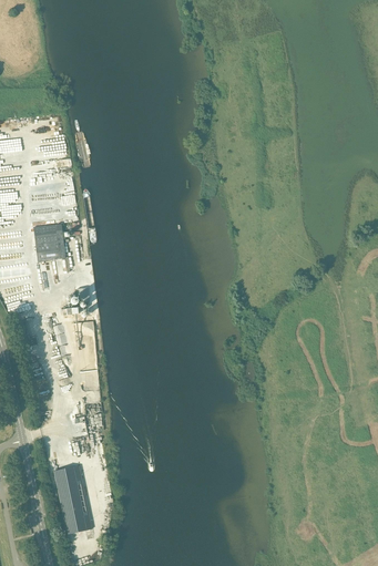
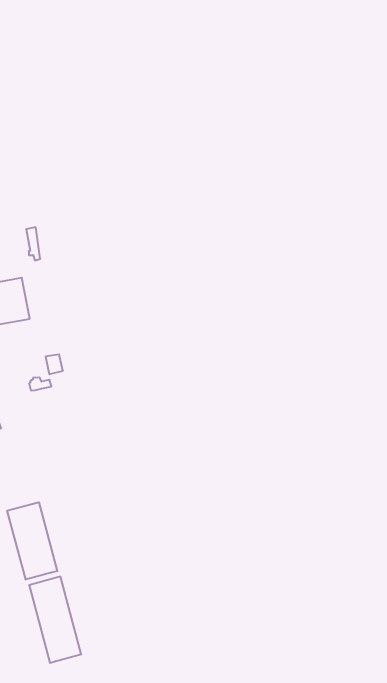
building: none -> [7,502,57,580]

